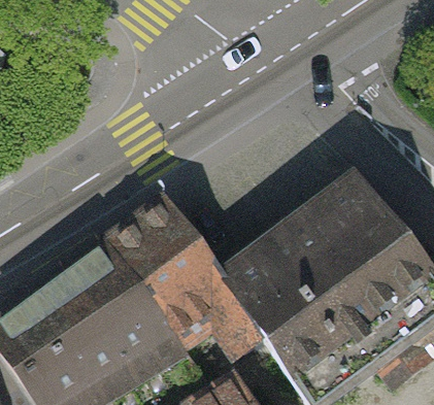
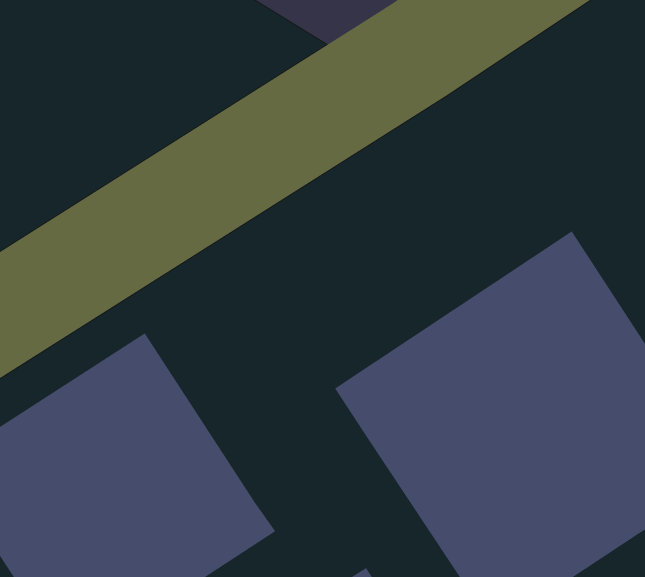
building: [104,192,236,337] -> none

